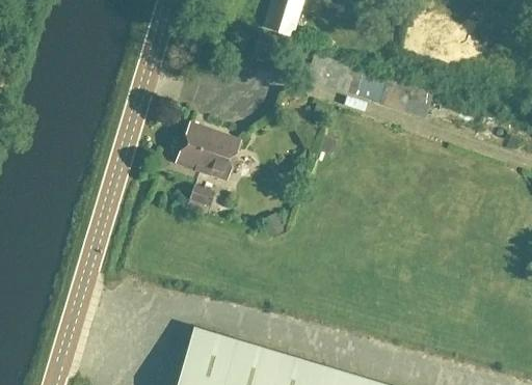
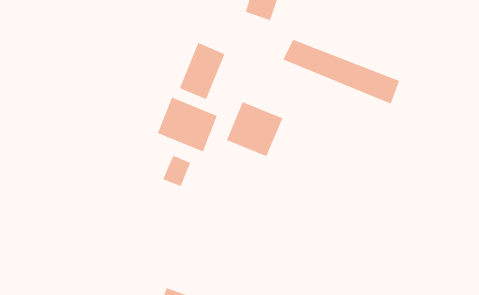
building: none -> [179,42,225,100]
building: none -> [226,101,283,157]

